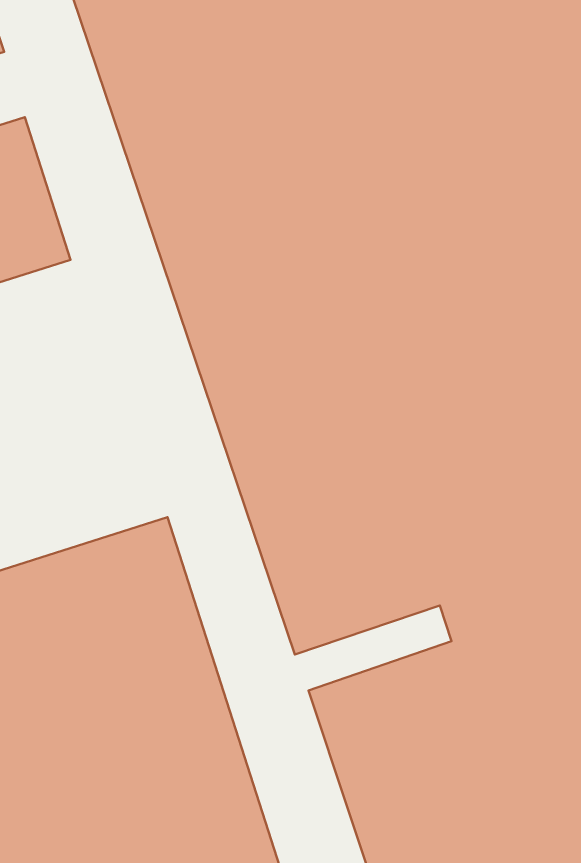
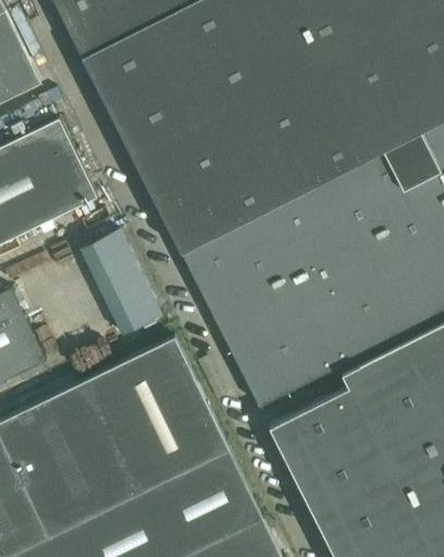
building: none -> [84,236,159,341]

